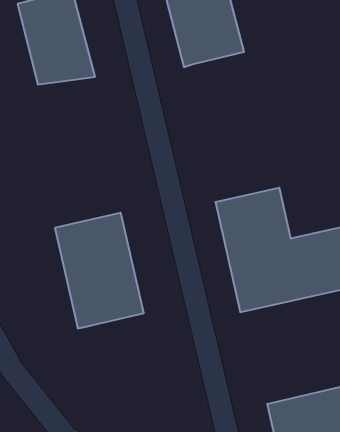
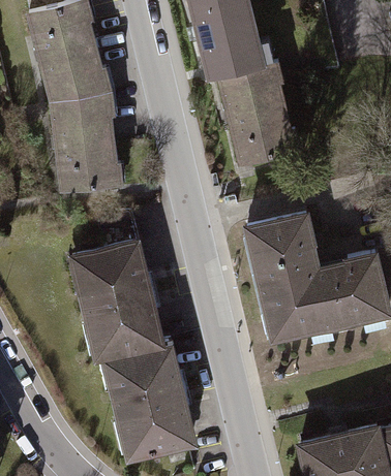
building: none -> [215,61,299,166]
building: none -> [48,90,120,191]
building: none -> [100,343,196,463]

